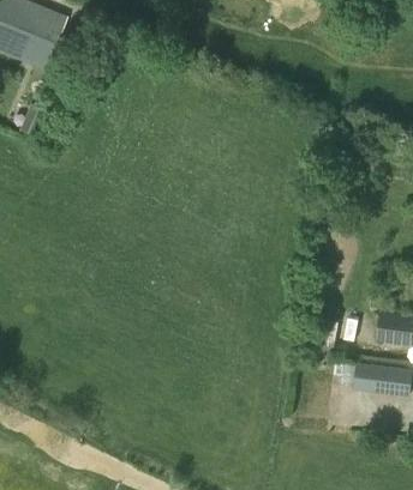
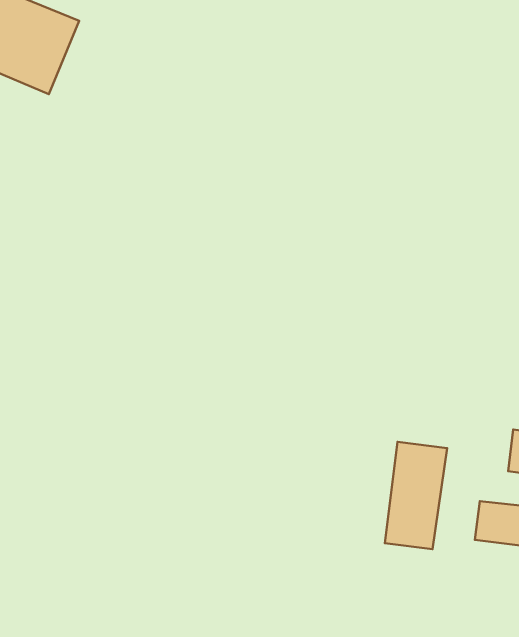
building: none -> [385,442,447,549]

